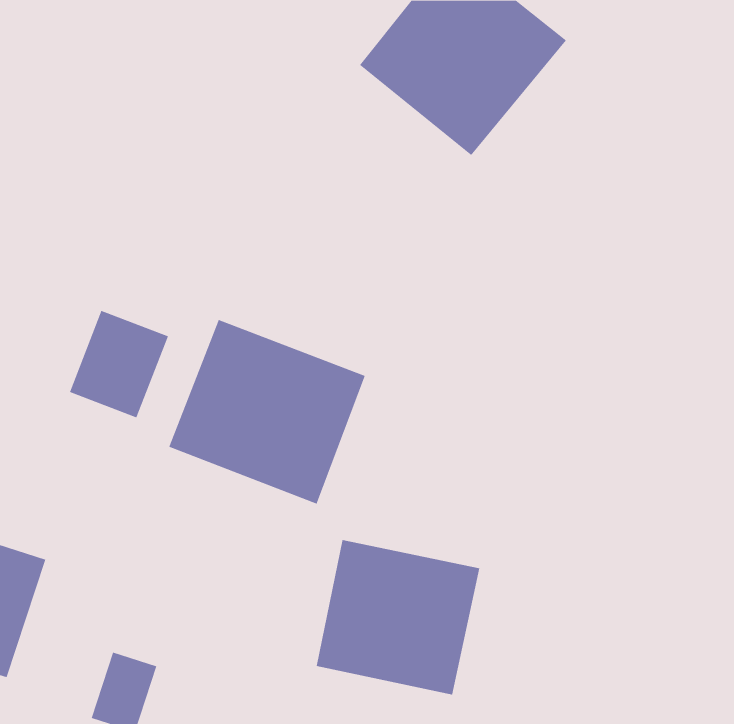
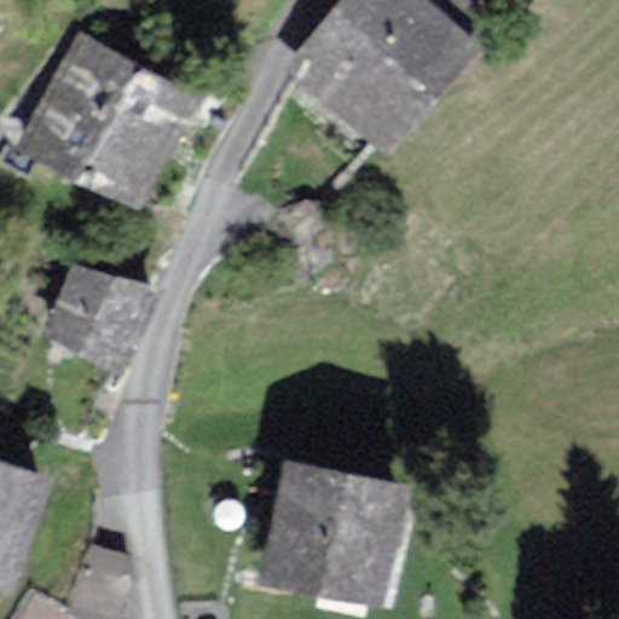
building: none -> [29,46,191,202]
building: [169,319,365,504] -> none

